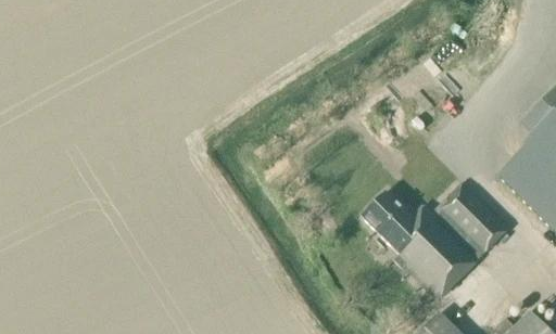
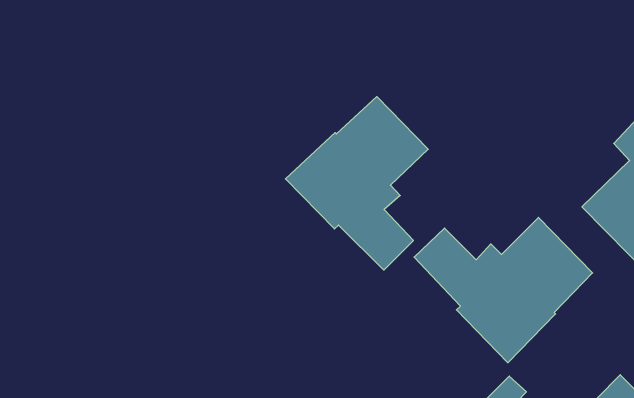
building: none -> [285,97,428,270]

